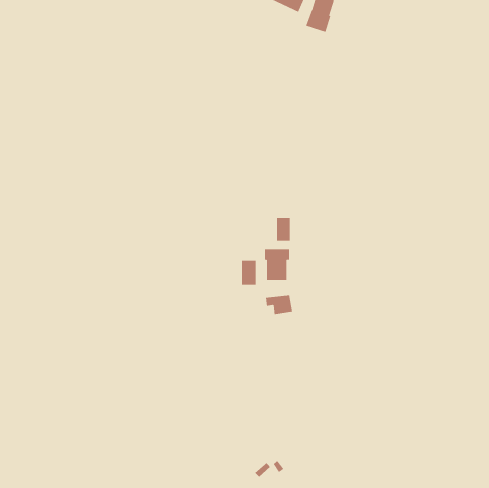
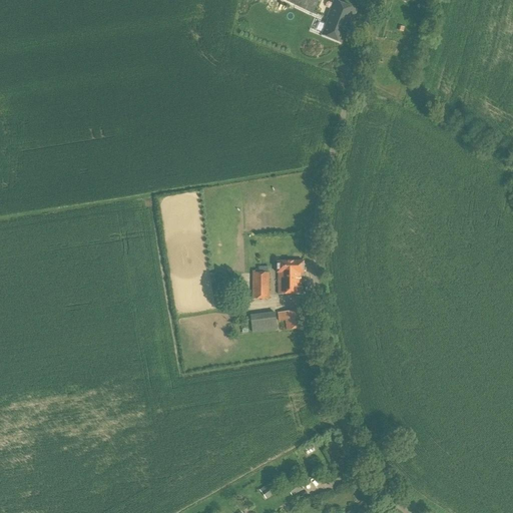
building: [277,217,290,242] -> none
building: none -> [250,312,277,332]

